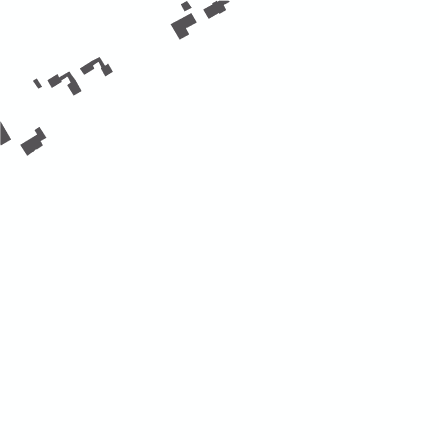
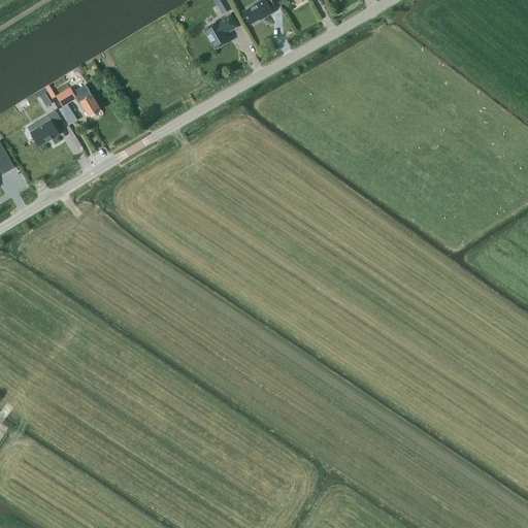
building: [79,56,114,77] -> none
building: [19,126,47,157] -> [29,109,63,146]

